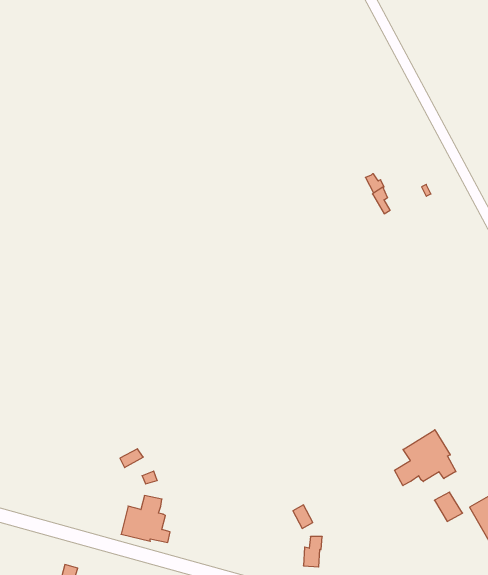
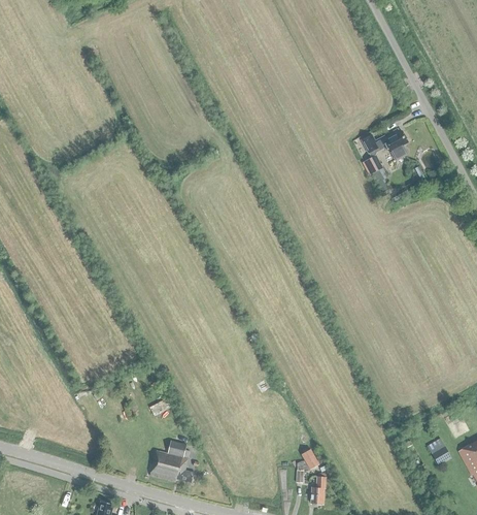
building: none -> [362,130,408,161]
building: [395,430,456,486] -> none

